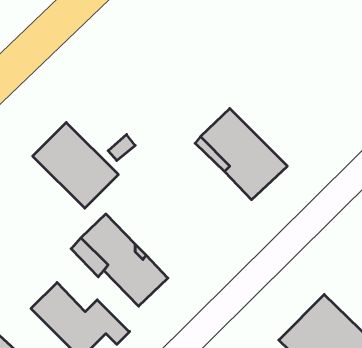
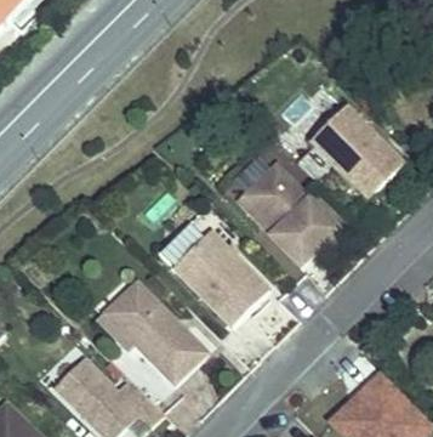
building: none -> [309,104,401,195]
building: [33,122,118,208] -> [172,229,268,325]

